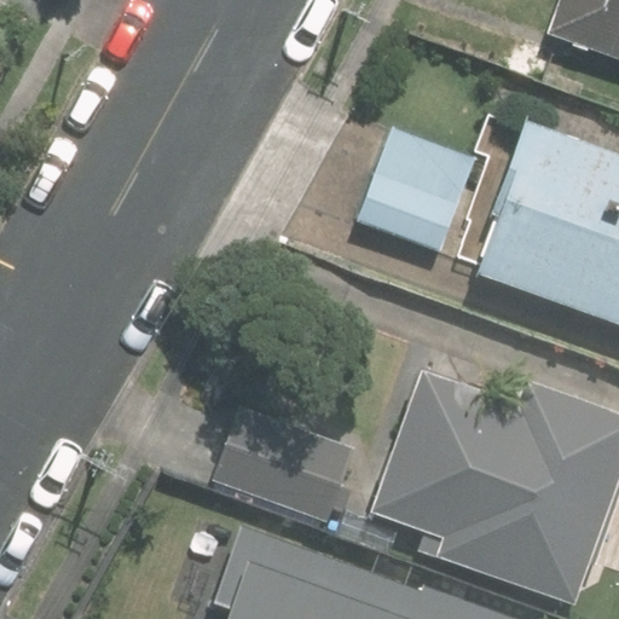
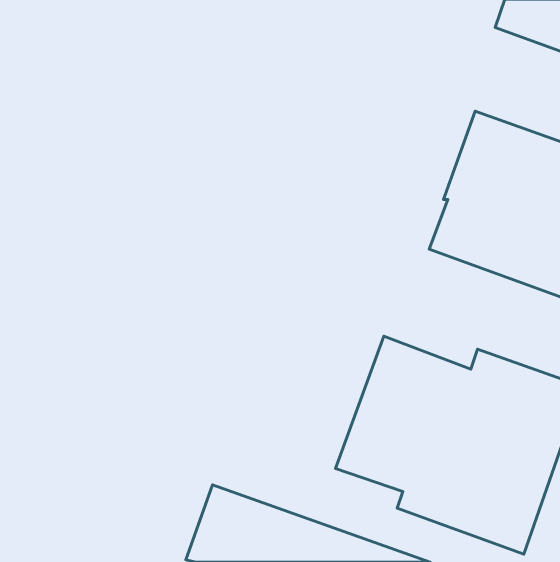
building: [359,123,475,250] -> none
building: [213,401,358,522] -> none

